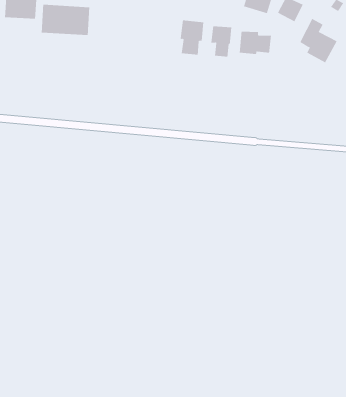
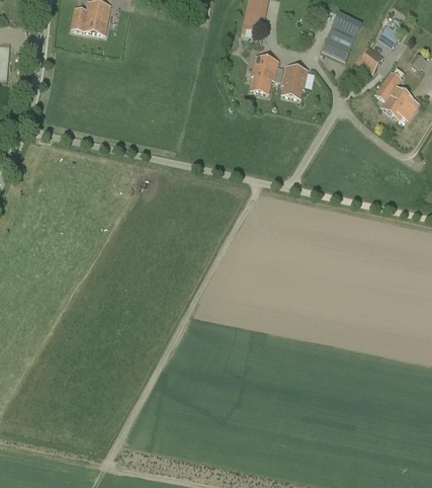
building: [41,4,90,36] -> none
building: [239,31,271,55] -> none

